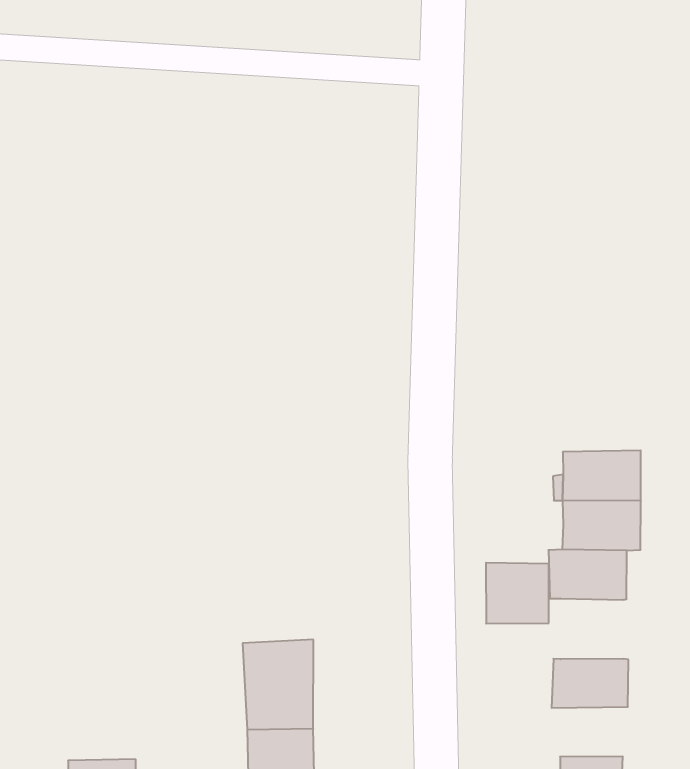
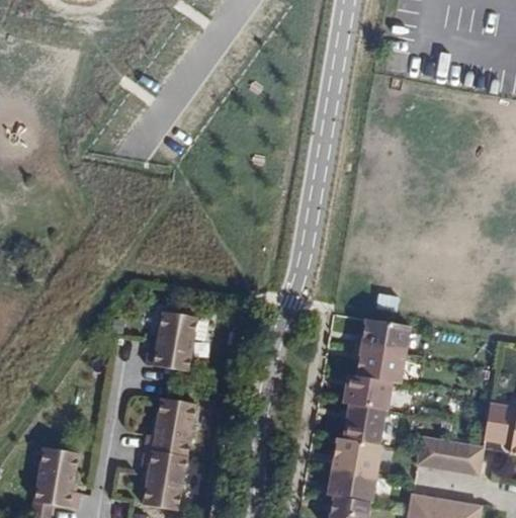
building: none -> [155,310,199,369]
building: [486,563,549,624] -> [341,405,383,446]
building: none -> [326,467,375,503]

